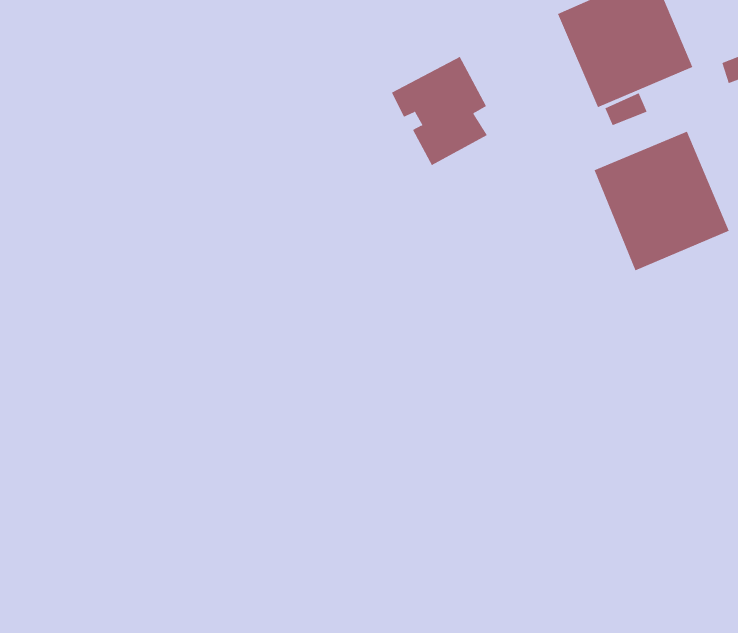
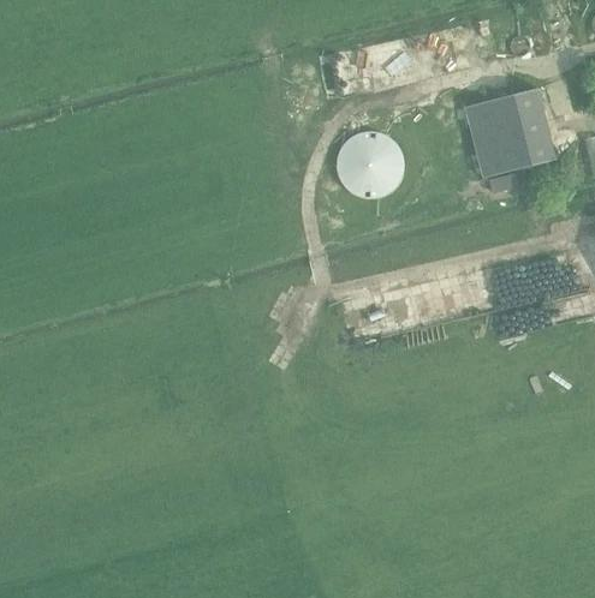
building: [594,131,730,271] -> none

